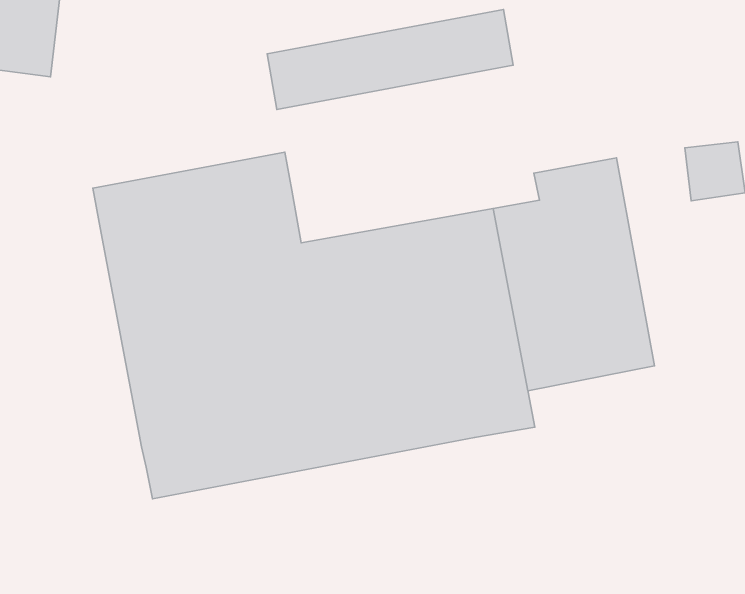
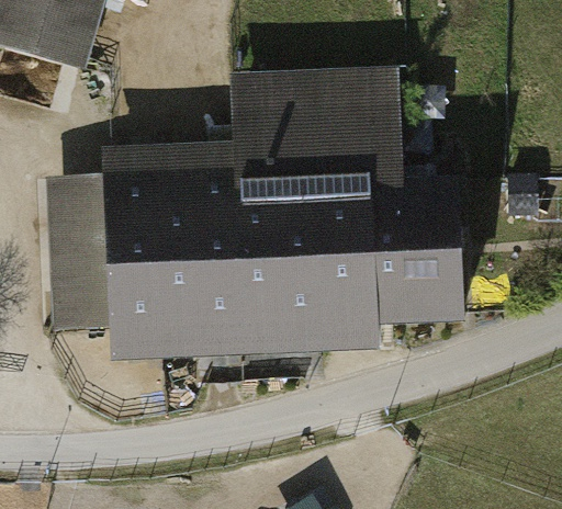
building: none -> [234,104,402,203]
building: none -> [47,173,110,327]

